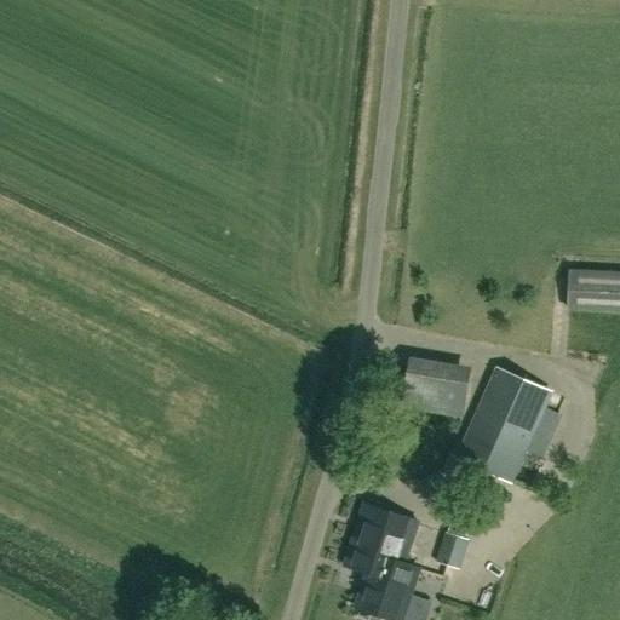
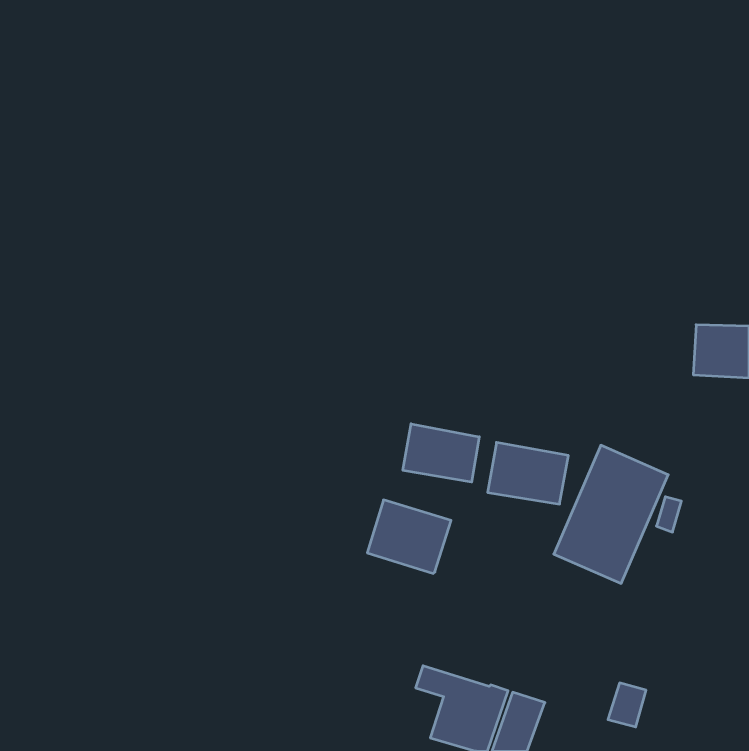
building: none -> [403,424,479,482]
building: [349,505,418,566] -> [367,500,451,573]
building: [436,533,467,569] -> [608,683,646,727]

